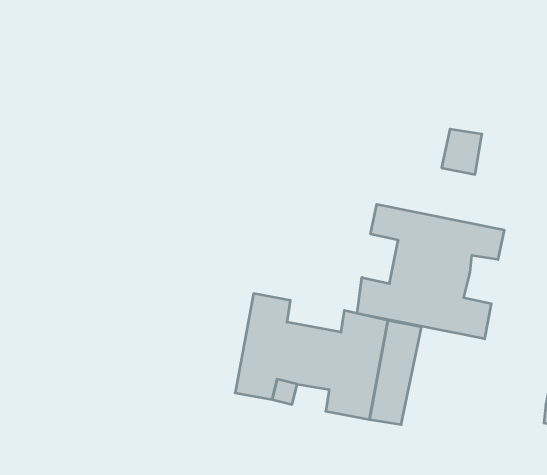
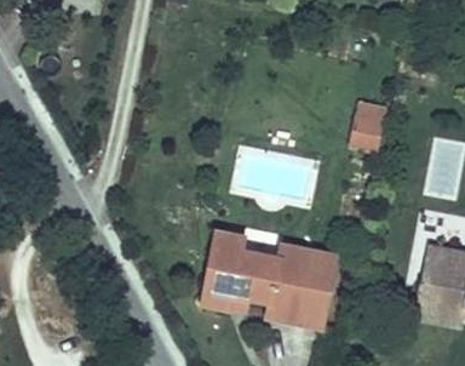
building: [357,204,504,339] -> none

